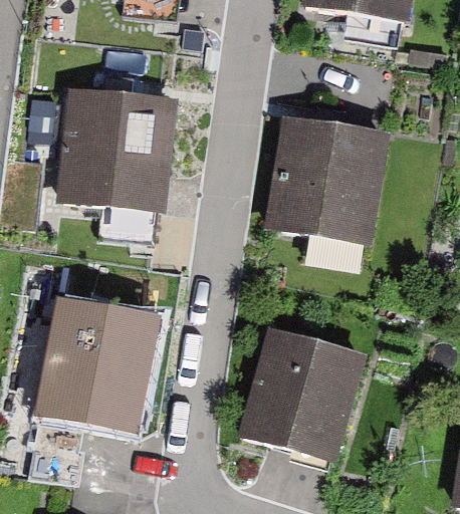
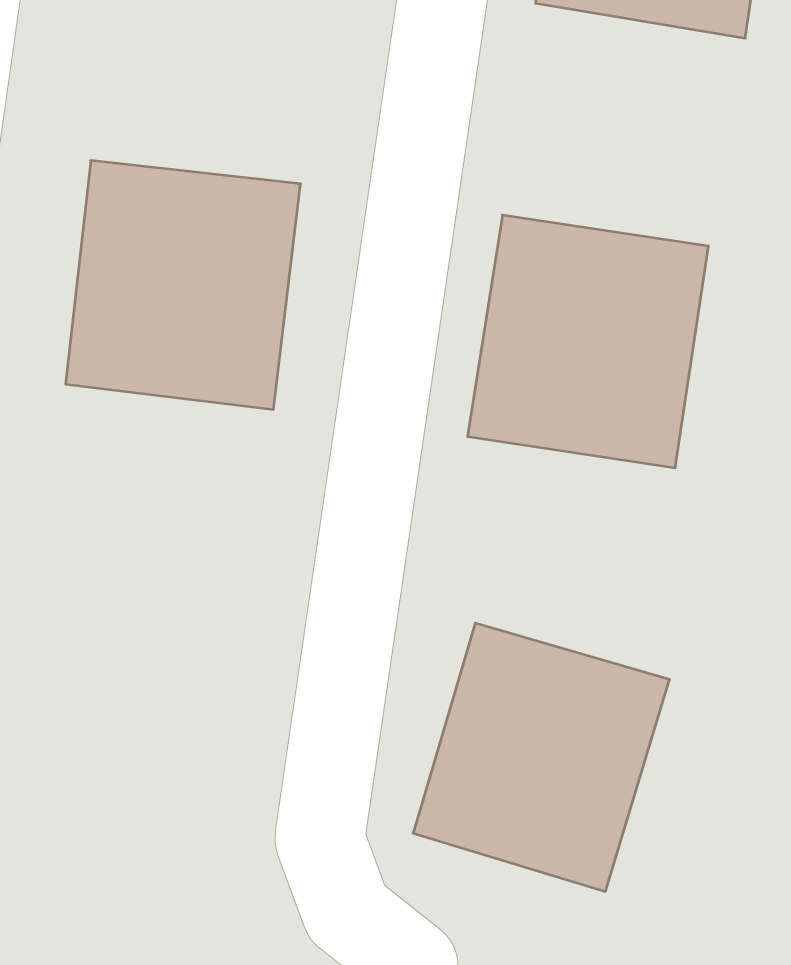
building: [37,303,159,433] -> none

